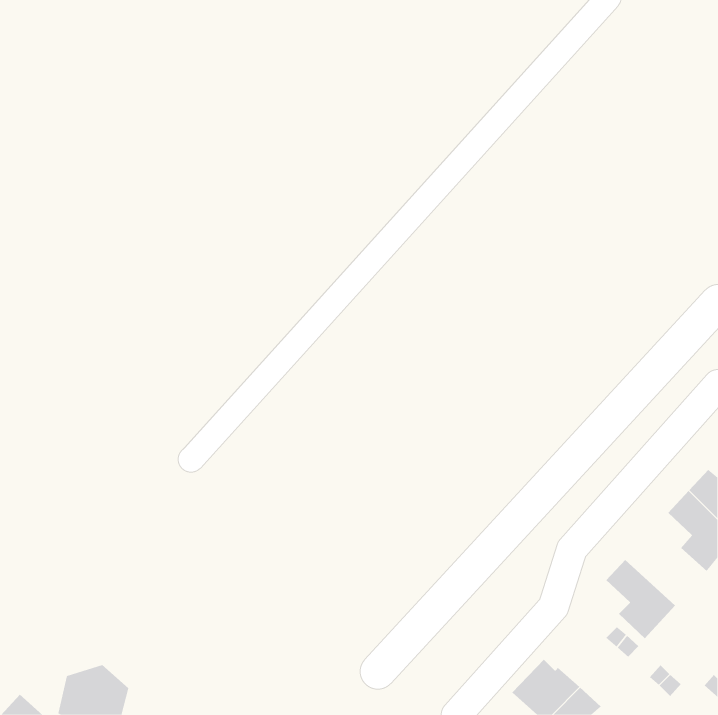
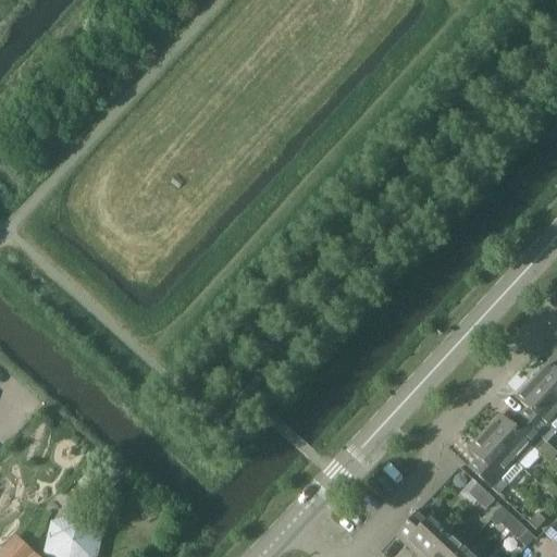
building: none -> [484,414,547,469]

